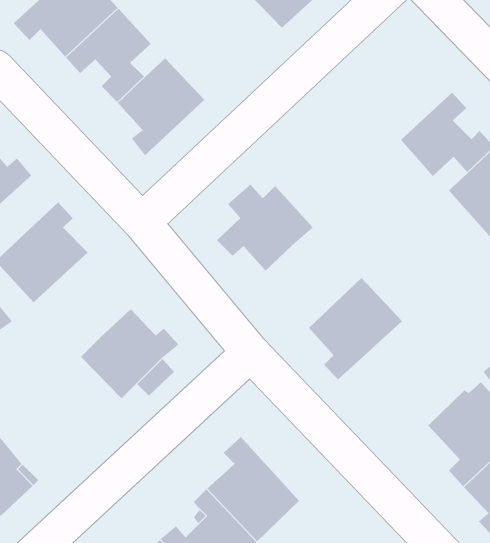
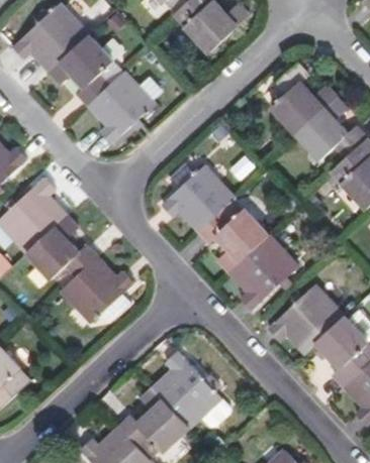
building: none -> [272,62,335,132]
building: none -> [197,208,268,270]
building: none -> [26,215,98,279]
building: none -> [268,284,344,352]

